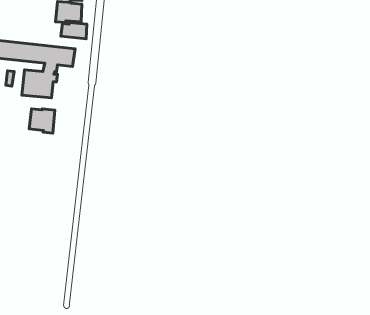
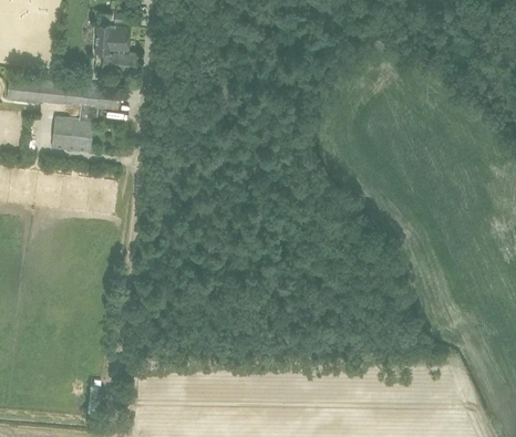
building: [29,109,55,133] -> none

